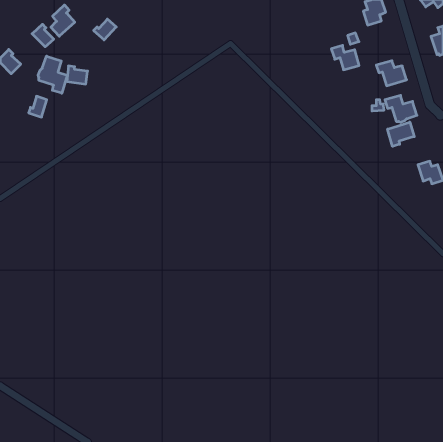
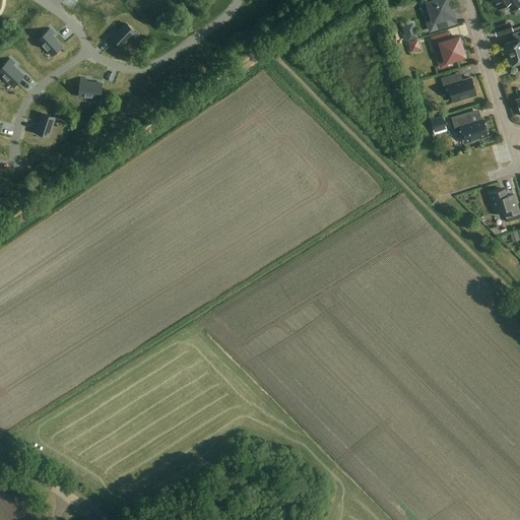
building: [51,5,75,36] -> none
building: [331,45,359,70] -> [432,31,464,60]
building: [38,56,67,93] -> none
building: [388,122,414,146] -> none

